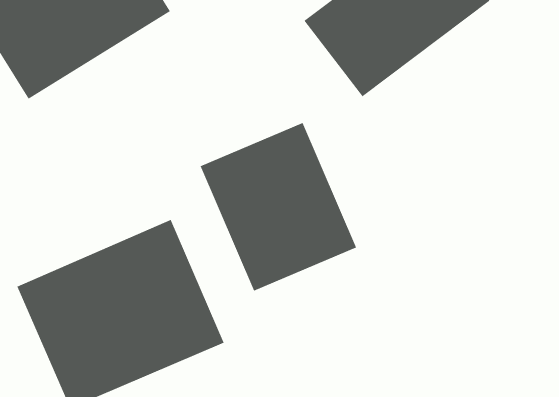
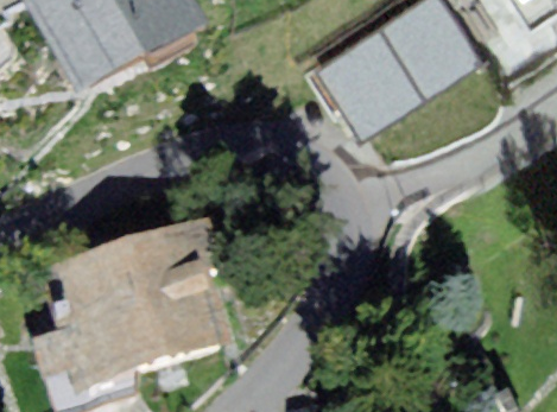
building: [200,122,357,291] -> none

